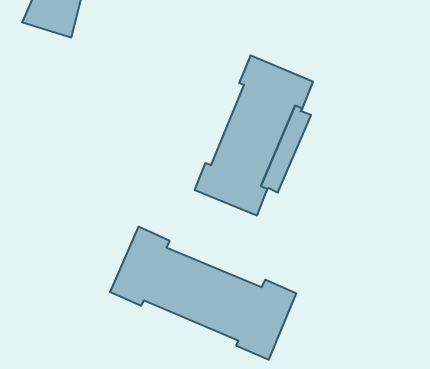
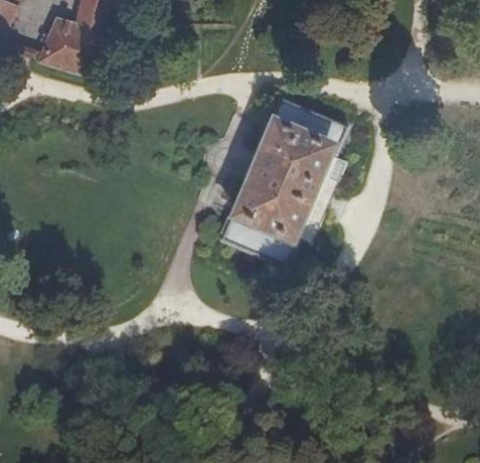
building: [110,227,296,360] -> none

